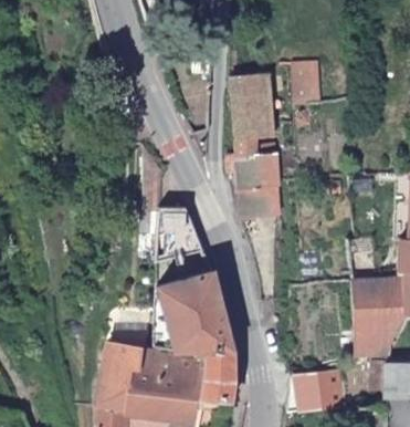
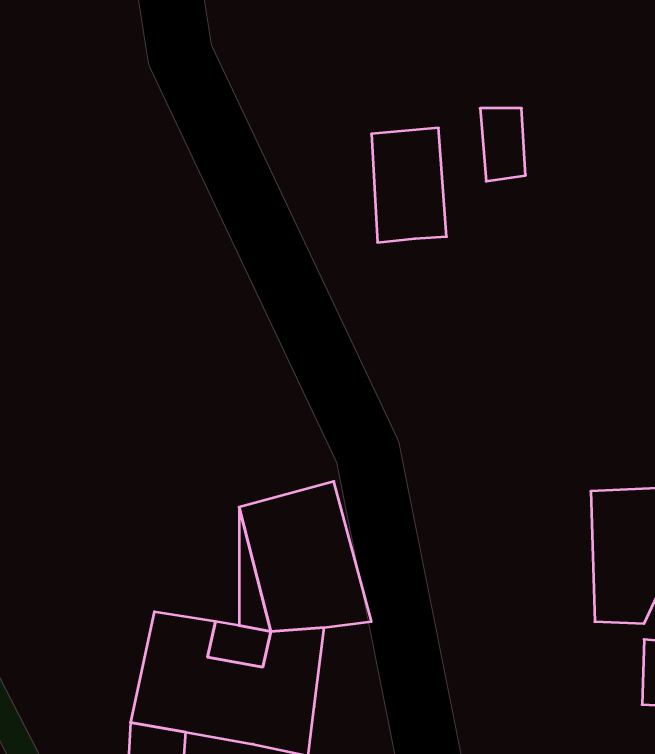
building: [232,136,283,217] -> none
building: [159,207,203,261] -> none
building: [201,351,235,402] -> none
building: [288,365,326,413] -> none

